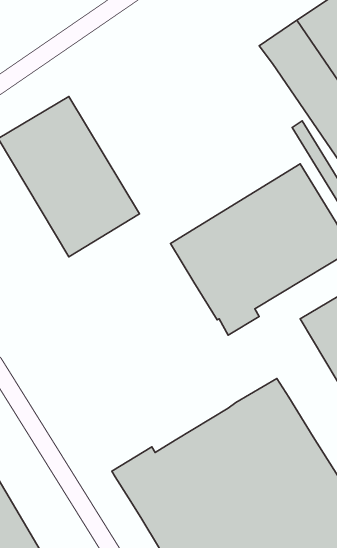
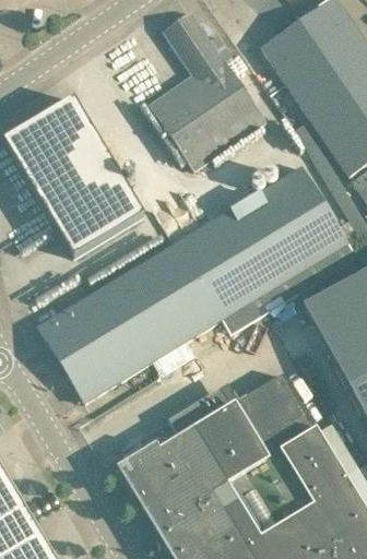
building: none -> [149,11,265,169]
building: none -> [38,242,220,401]

